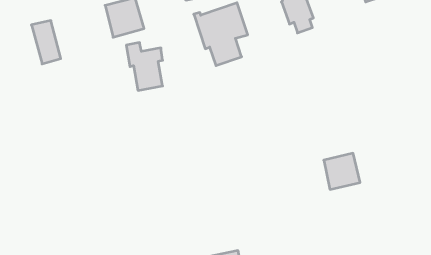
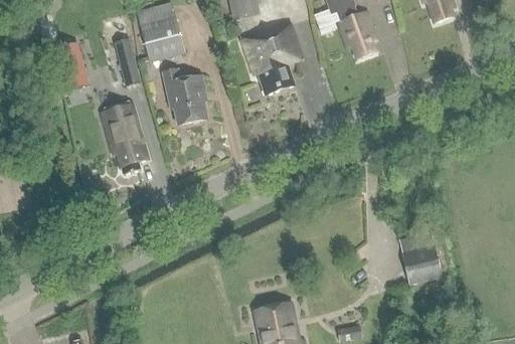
building: none -> [114,38,141,87]
building: none -> [101,103,147,173]
building: [324,153,360,189] -> [401,244,443,286]

